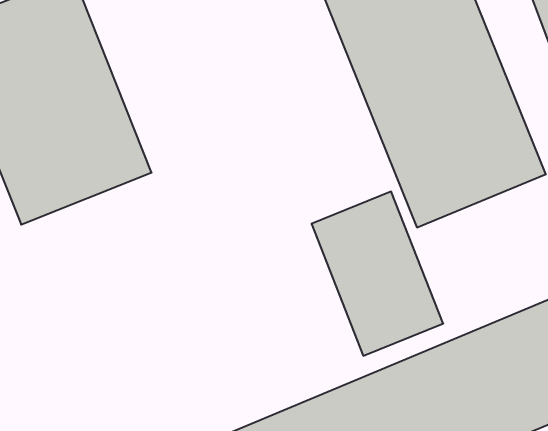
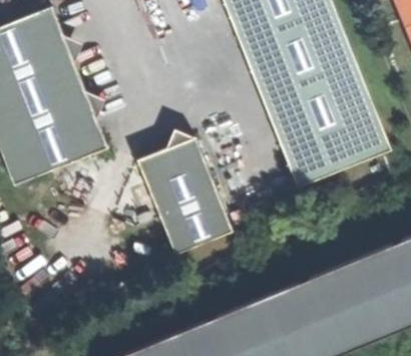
building: [311,192,443,356] -> [139,138,234,256]

